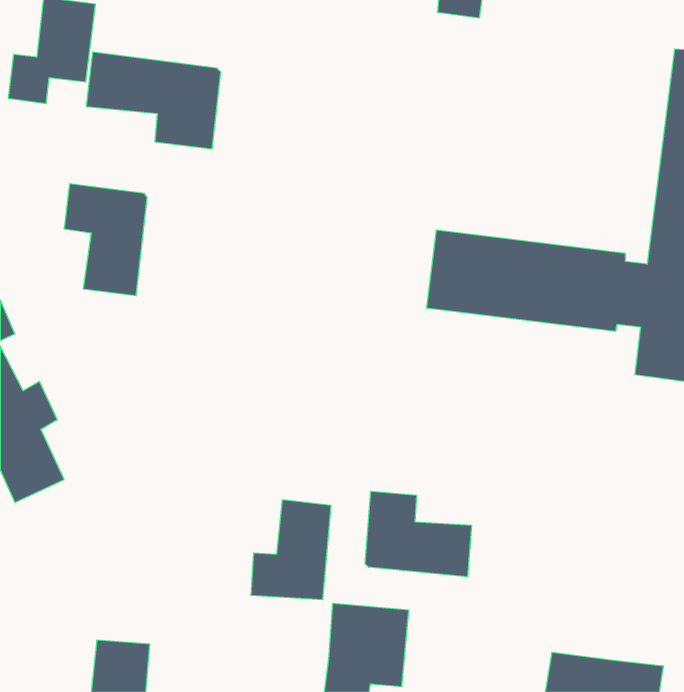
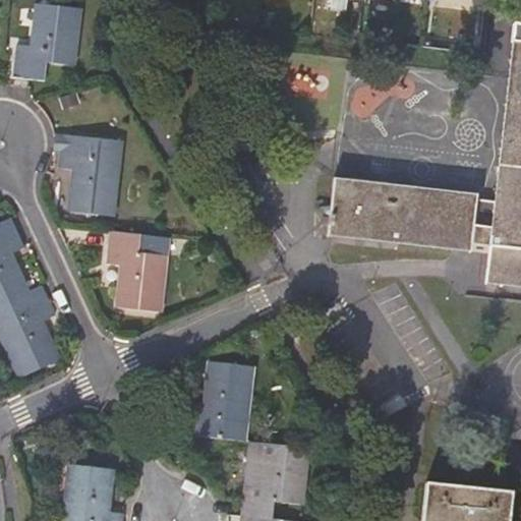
building: [87,52,221,149] -> none
building: none -> [106,238,163,315]
building: [365,491,472,577] -> none

